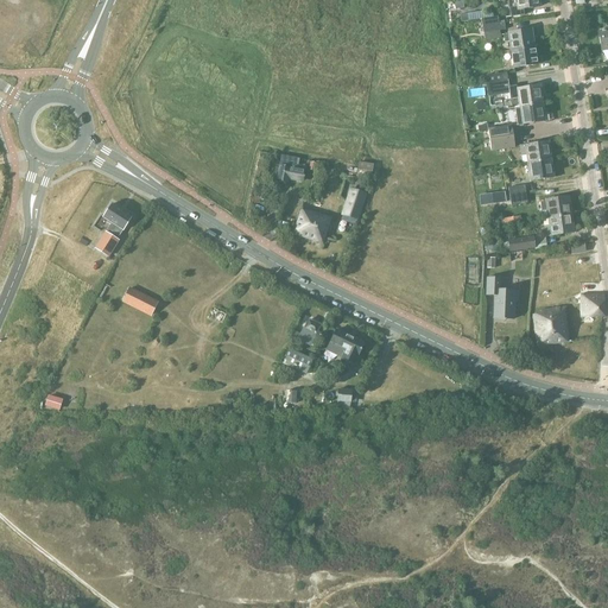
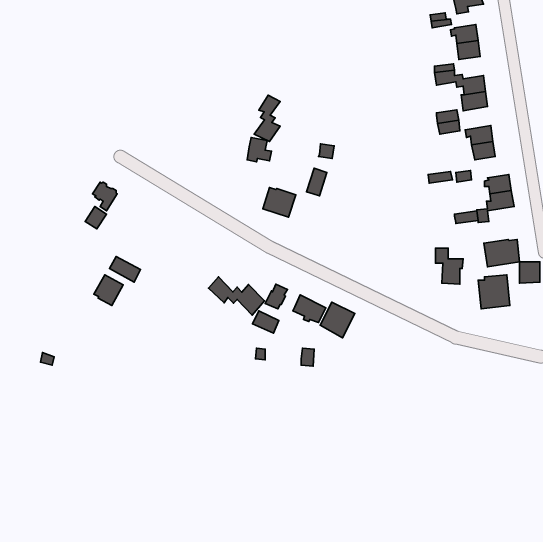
building: none -> [254,95,280,142]
building: none -> [484,239,520,267]
building: none -> [94,275,123,306]
building: none -> [208,277,264,315]
building: none -> [320,302,355,338]

